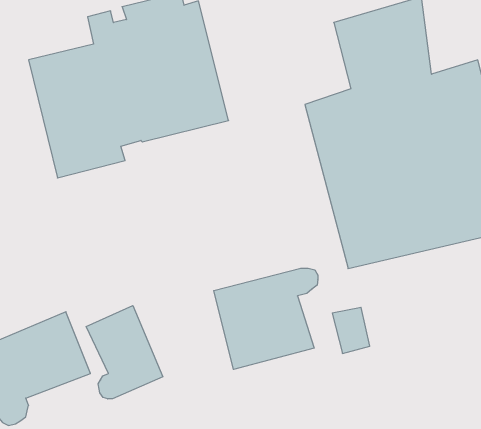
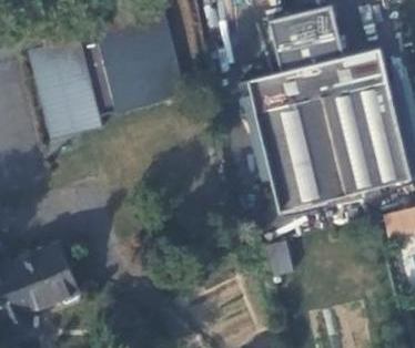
building: [214,268,318,369] -> none
building: [86,306,163,399] -> none

